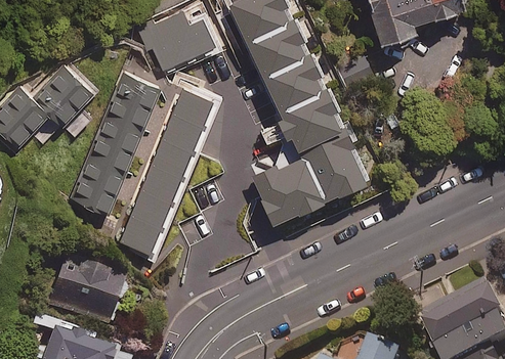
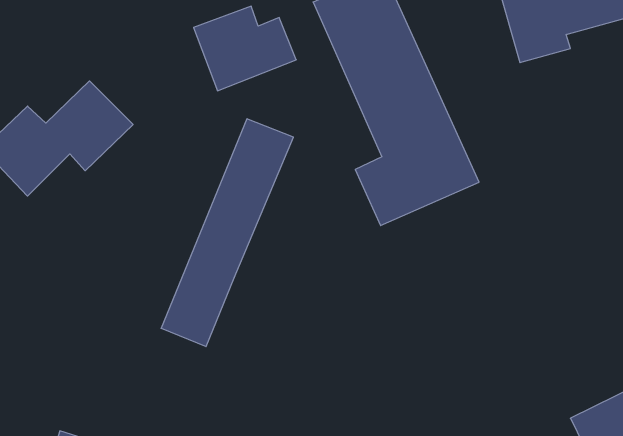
building: [72,71,161,211] -> none
building: [253,139,371,230] -> none
building: [47,250,120,318] -> none

